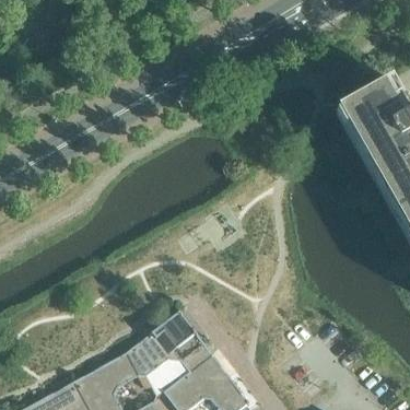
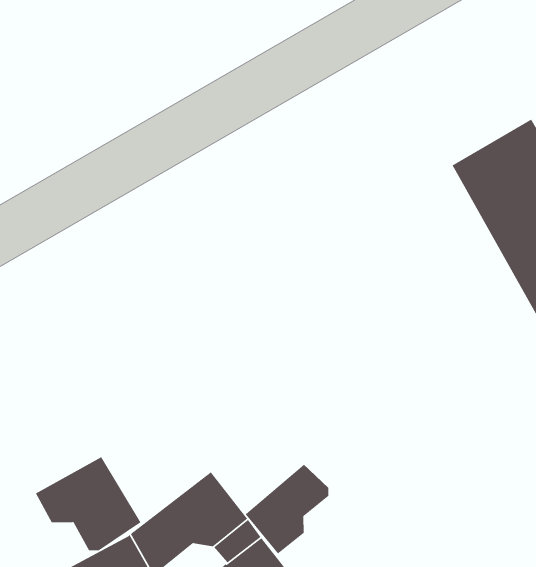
building: none -> [35,452,141,551]
building: none -> [241,464,329,554]

